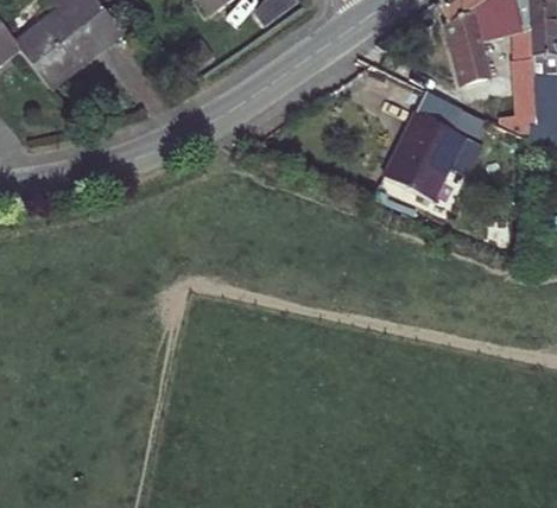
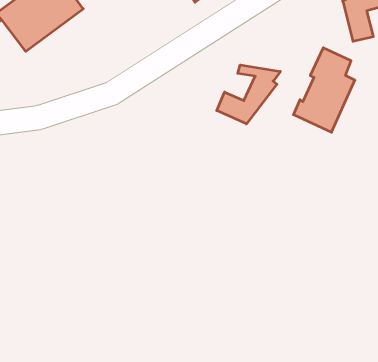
building: none -> [217,65,280,124]

